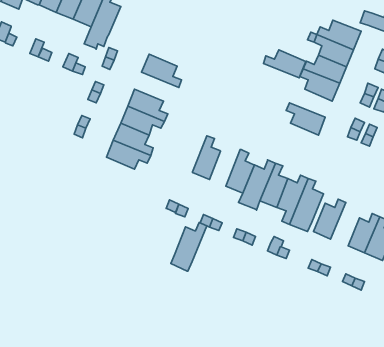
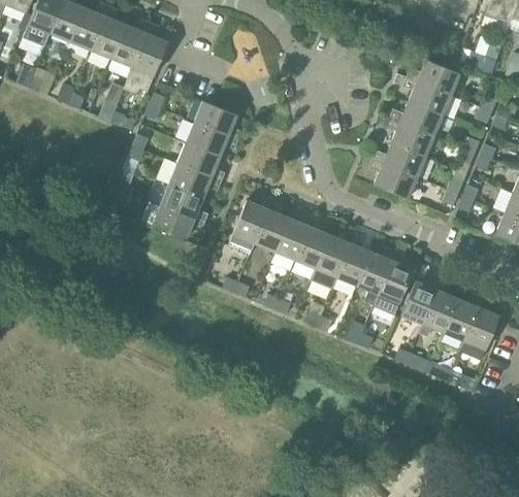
building: [263,50,306,78] -> [372,143,424,177]
building: none -> [185,123,238,158]
building: none -> [275,212,314,261]
building: none -> [422,280,457,333]
building: [171,222,207,271] -> [229,196,272,255]

